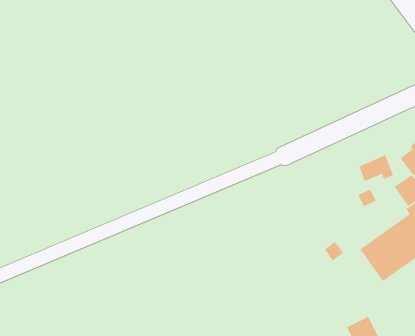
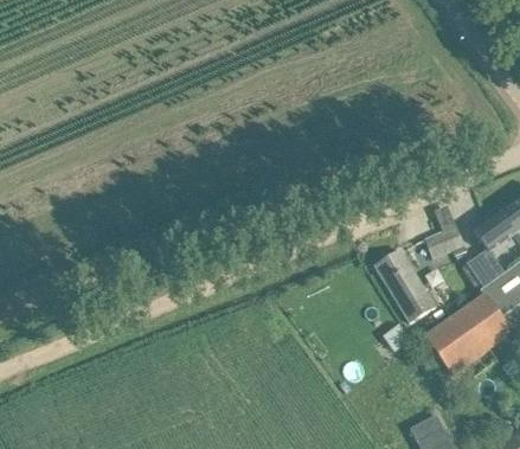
building: none -> [374,249,436,321]

